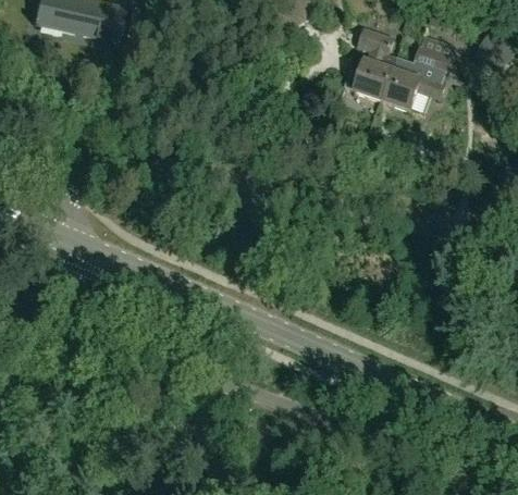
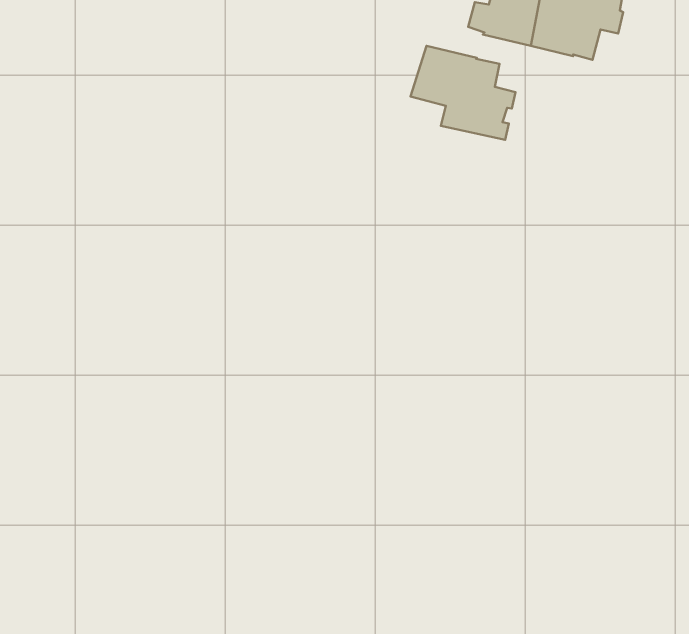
building: none -> [410,46,516,140]

